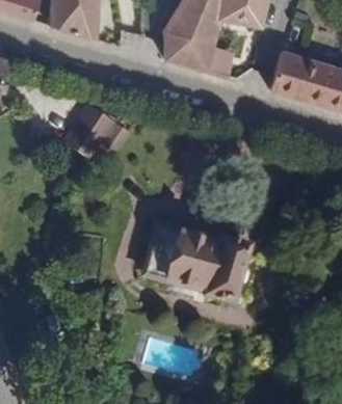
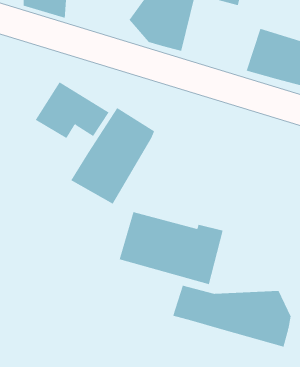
building: none -> [70,107,155,205]
building: none -> [173,285,291,348]

